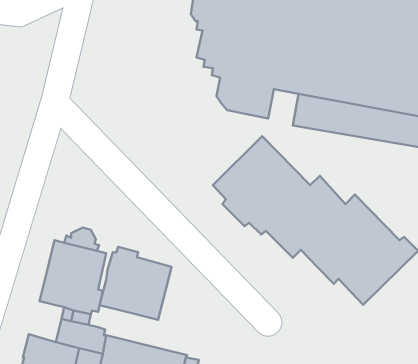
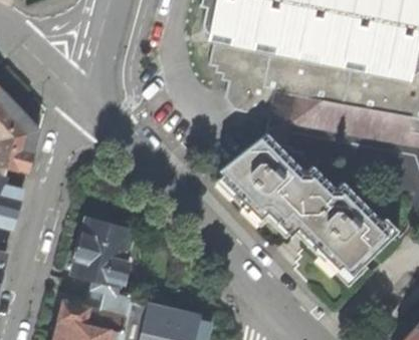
building: [99,247,172,320] -> none

